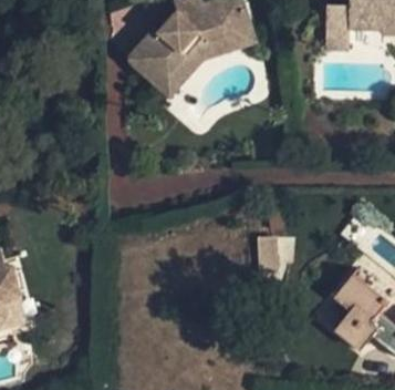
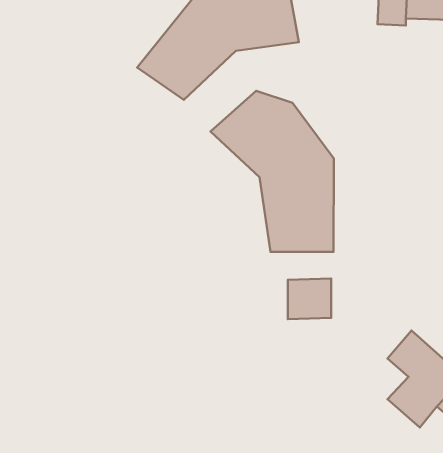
building: none -> [210,91,334,252]

